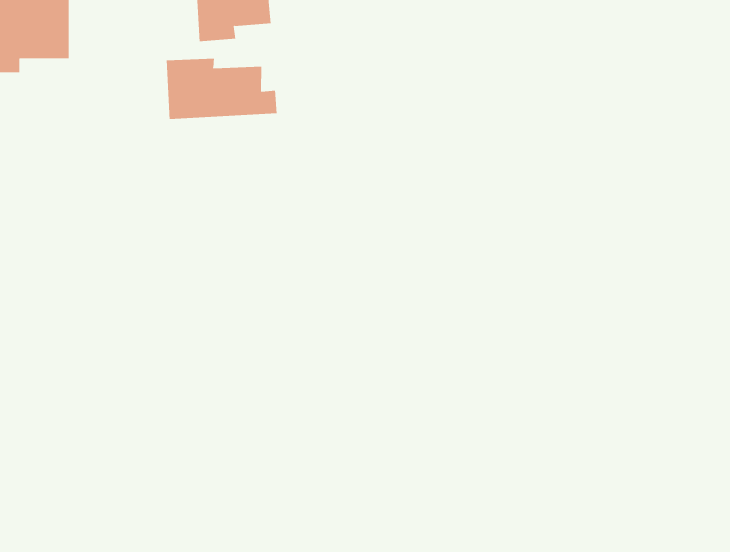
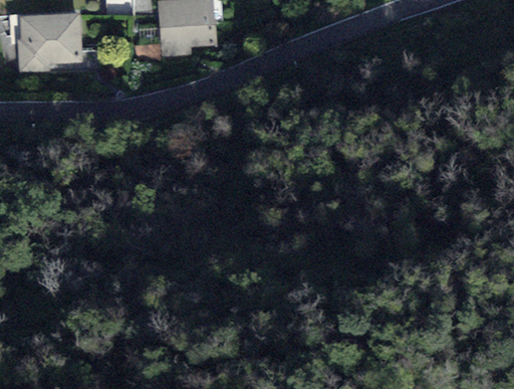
building: [166,58,277,120] -> none

